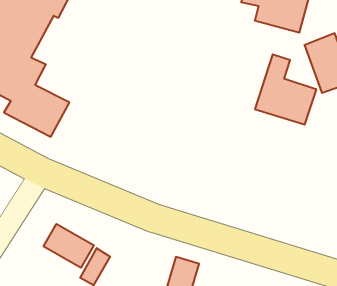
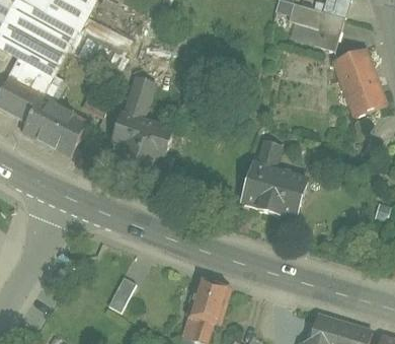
building: [255,54,316,125] -> [244,139,308,212]
building: none -> [114,77,171,174]
building: [44,224,94,268] -> none

